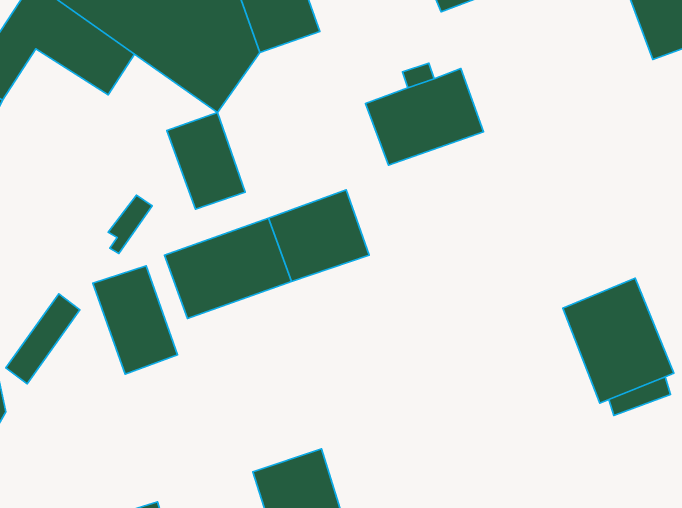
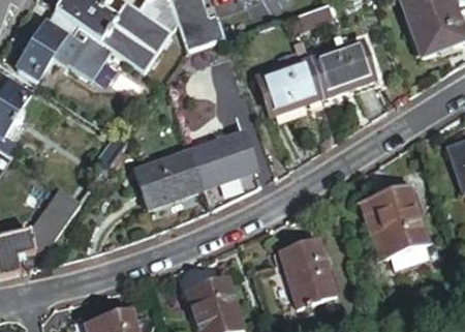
building: none -> [307,42,368,96]
building: [167,112,245,209] -> none
building: [93,266,178,374] -> none
building: none -> [280,241,335,306]

